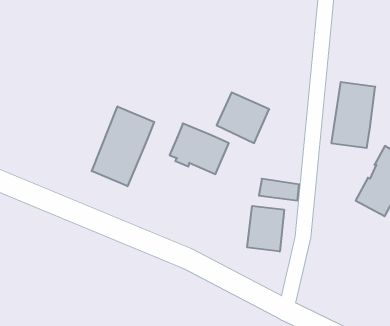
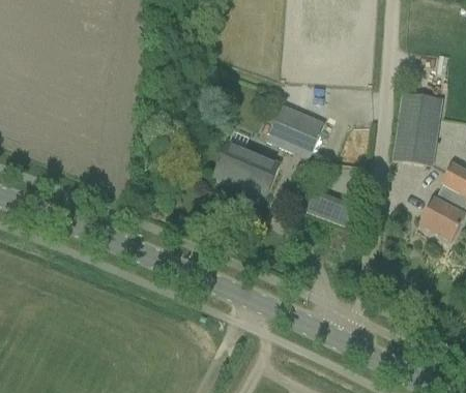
building: [92,106,154,186] -> none
building: [247,206,284,252] -> none

